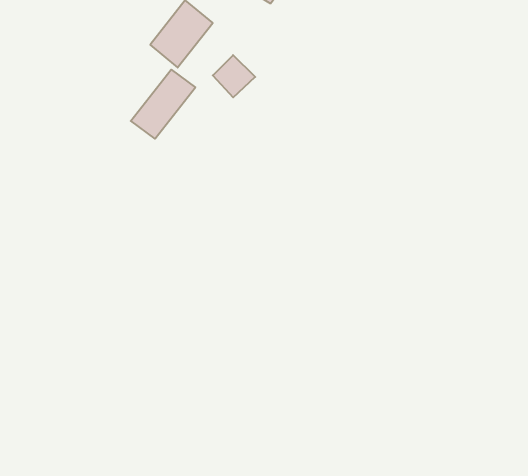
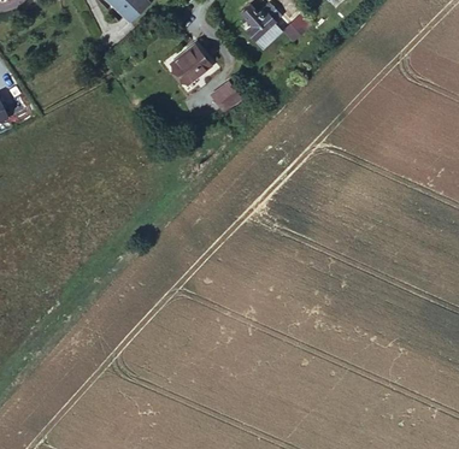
building: [131,70,195,139] -> none

